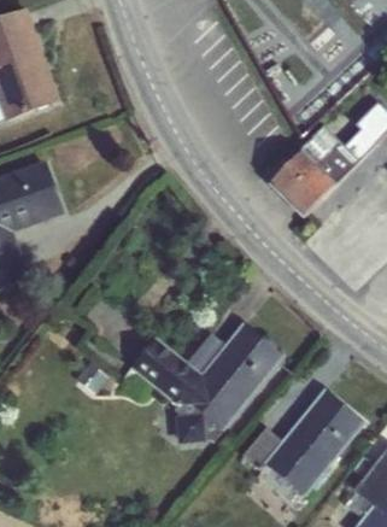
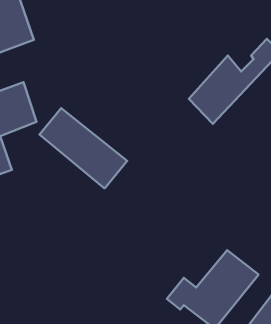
building: none -> [39,108,127,188]
building: [121,321,282,443] -> none

